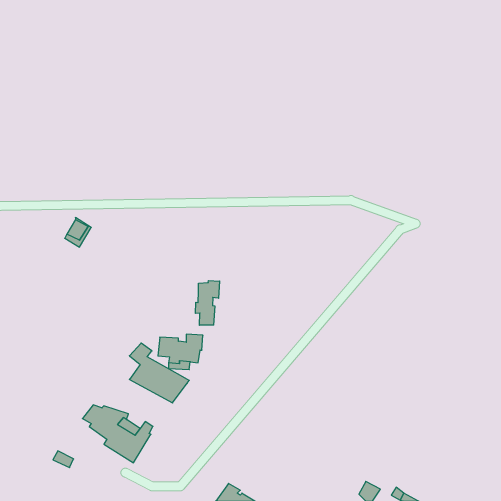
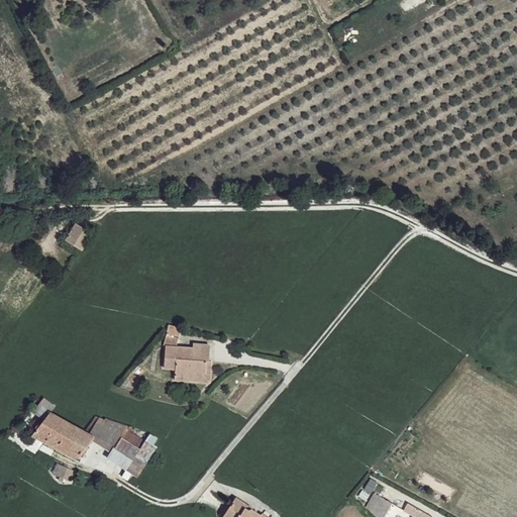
building: [195,281,220,325] -> none
building: [129,343,189,403] -> [32,398,94,459]

